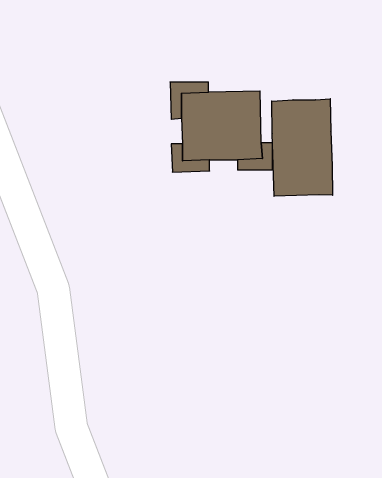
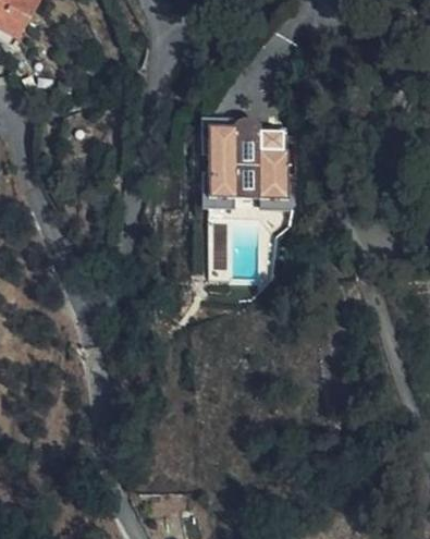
building: [272,99,333,196] -> none

